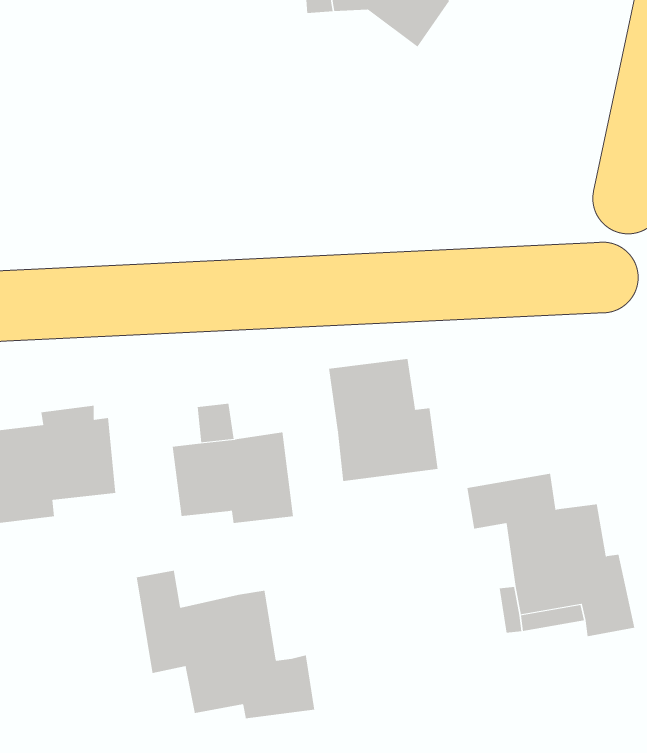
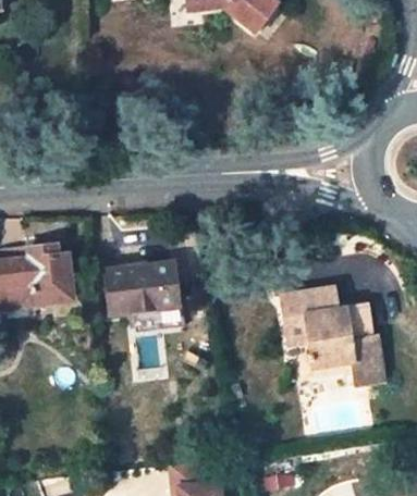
building: [329,358,438,482] -> none
building: [136,570,315,719] -> none

